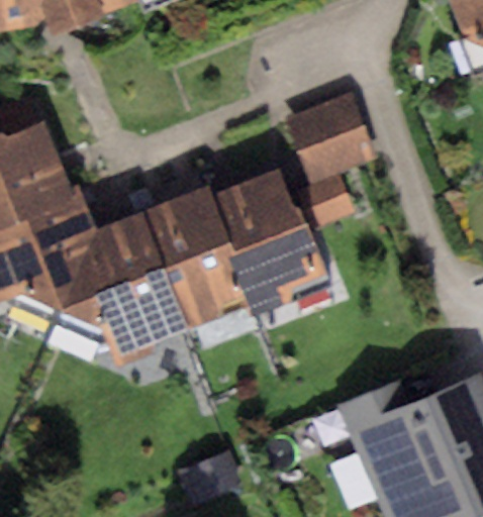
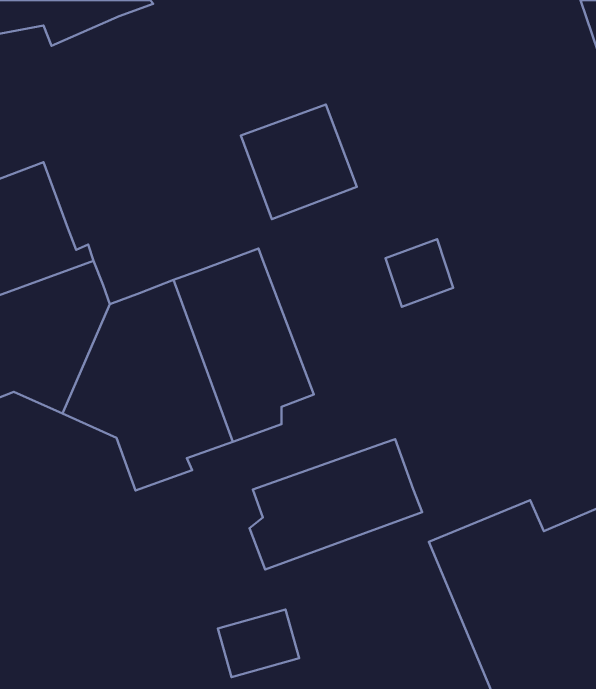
building: [287,95,374,181] -> [241,104,357,219]
building: [210,169,325,314] -> none
building: none -> [250,439,422,570]

